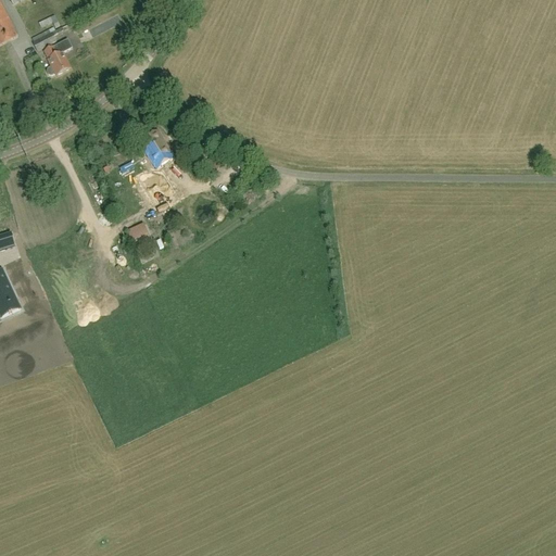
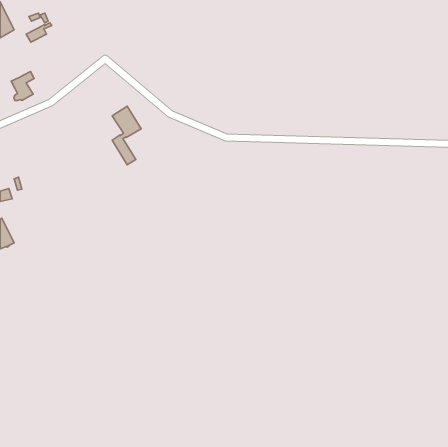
building: [43,40,72,76] -> [11,71,34,100]
building: [124,223,151,252] -> none

